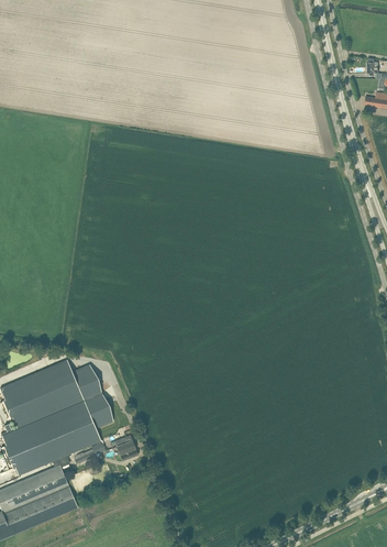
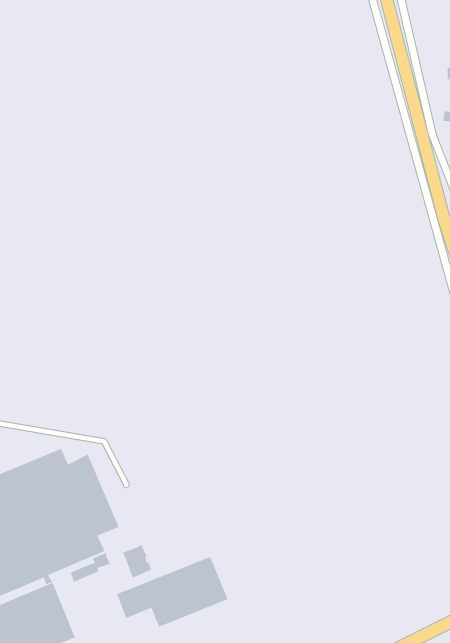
building: none -> [117,556,228,627]

